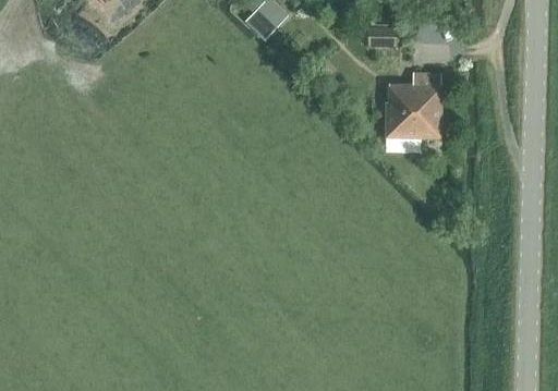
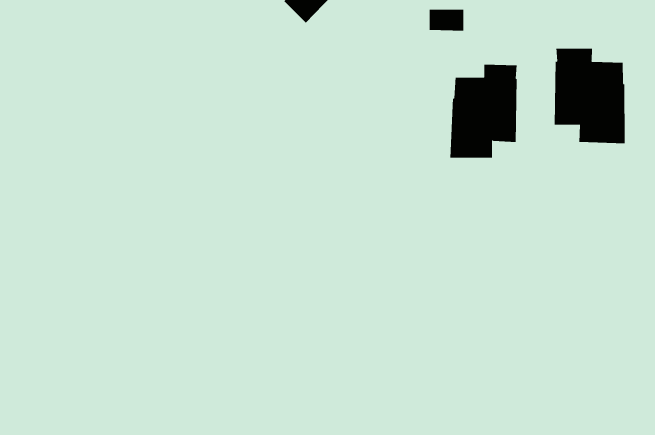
building: none -> [554,48,625,144]

